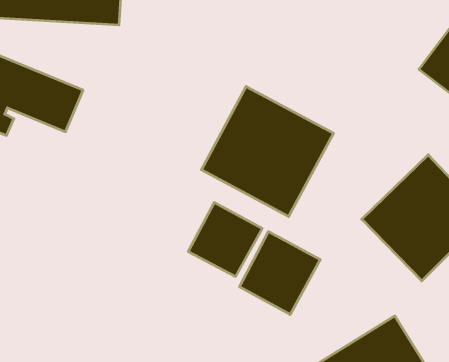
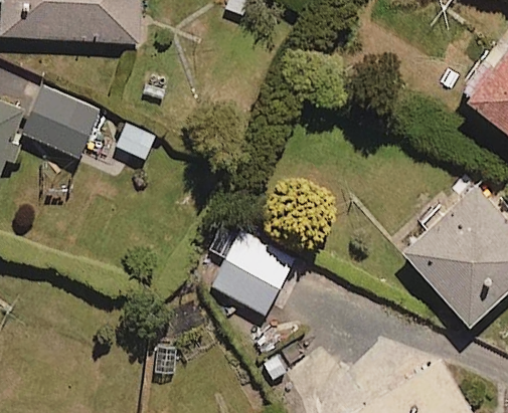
building: [201,86,333,217] -> none
building: [240,232,320,315] -> none

